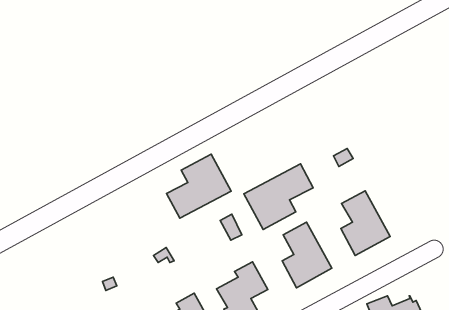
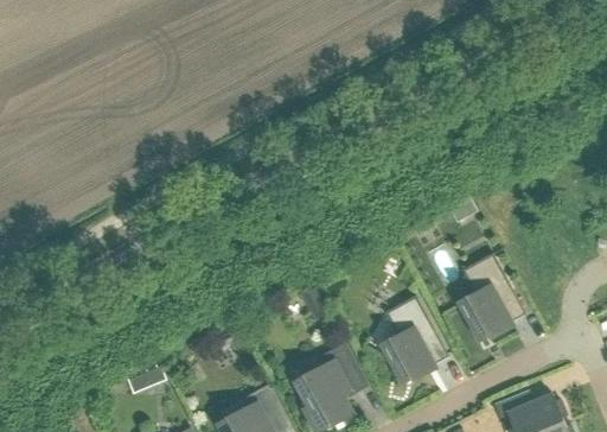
building: [166,154,231,218] -> none
building: [244,164,313,230] -> none

